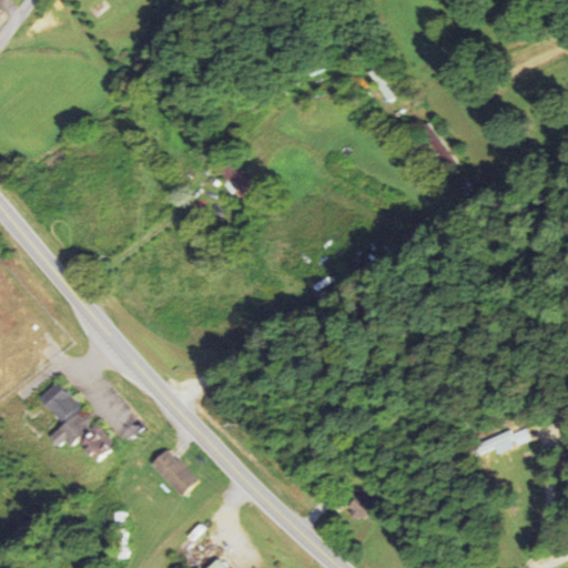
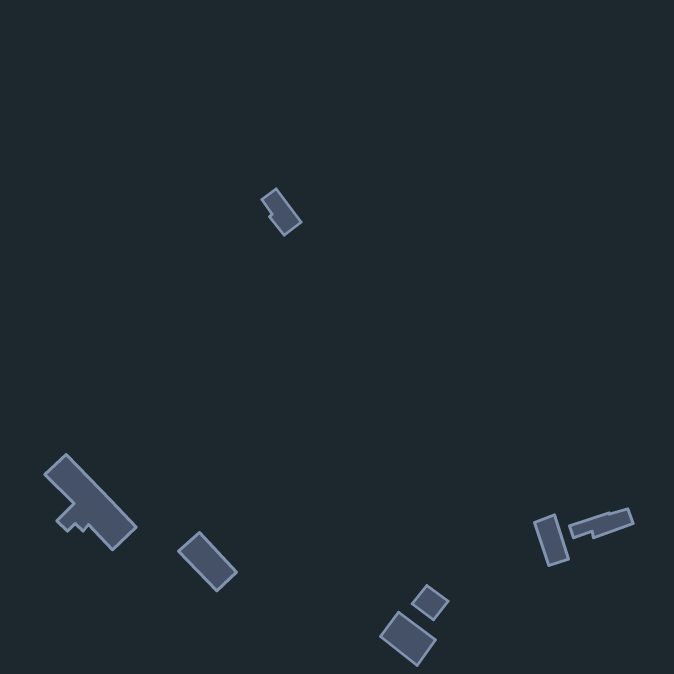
building: none -> [535,515,568,566]
building: none -> [380,612,435,665]

